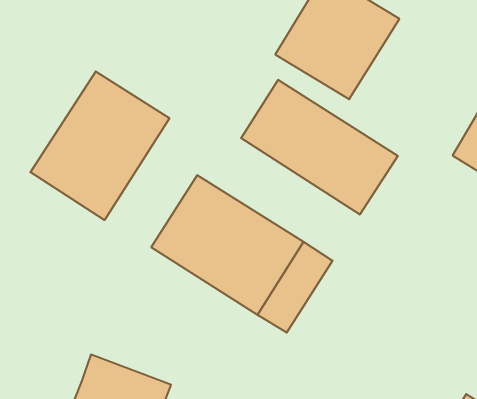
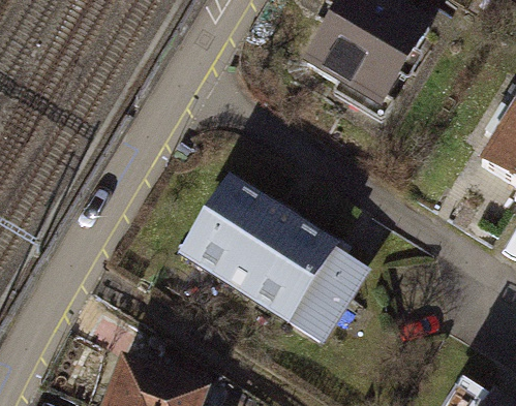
building: [30,71,169,220] -> none
building: [241,80,398,215] -> none

